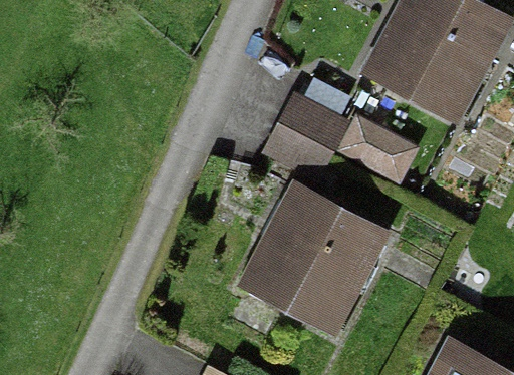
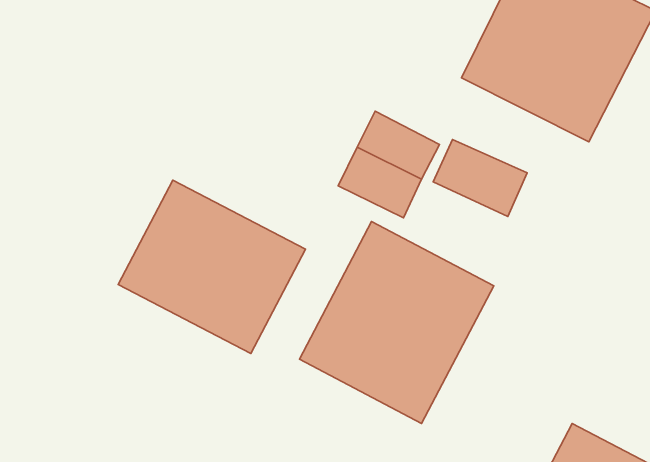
building: none -> [118,180,306,354]

